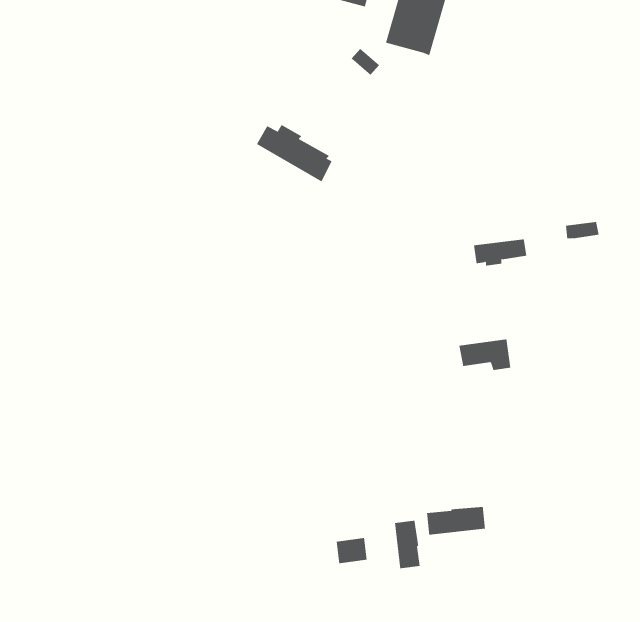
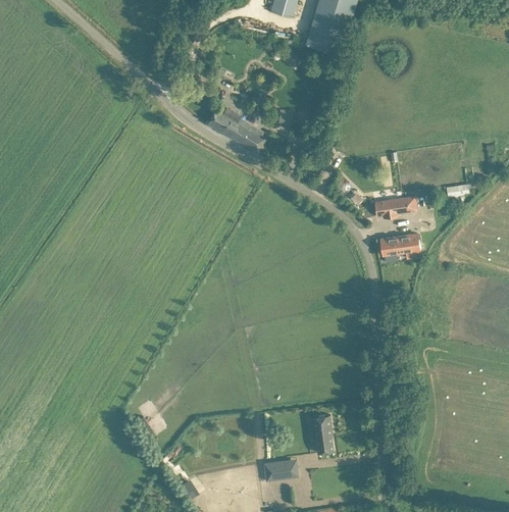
building: [459,339,511,370] -> [379,233,420,257]
building: [427,506,486,536] -> none
building: [336,538,368,564] -> [264,459,289,479]

